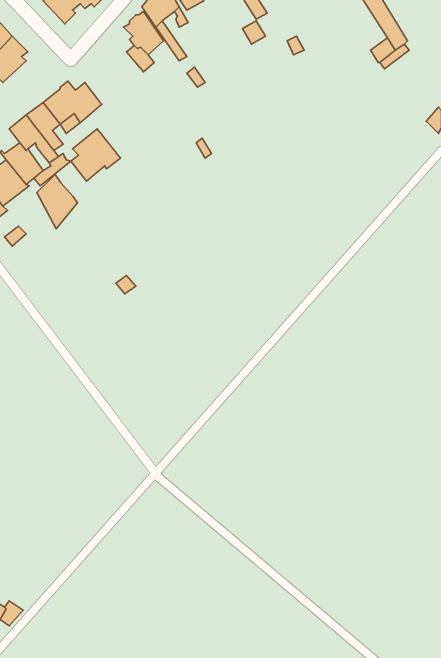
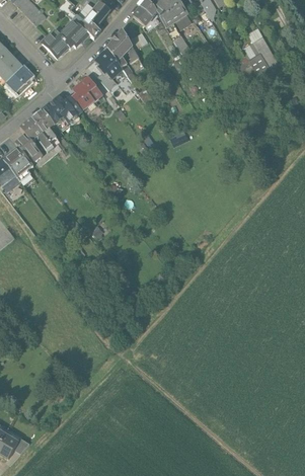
building: [71,129,120,181] -> [70,75,102,109]
building: [37,174,77,229] -> none

